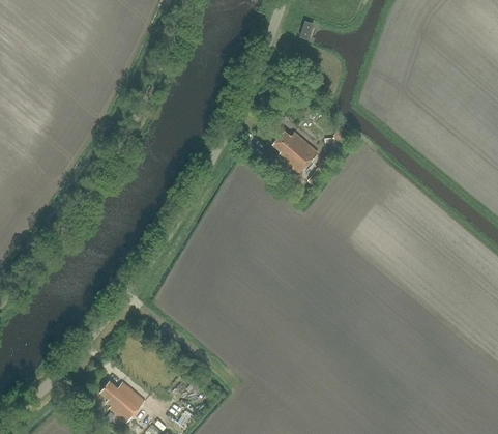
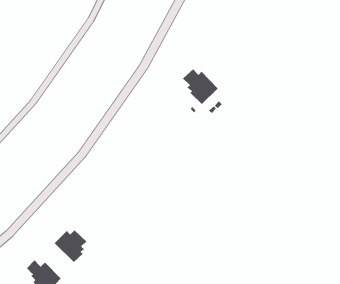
building: none -> [54,230,87,263]

